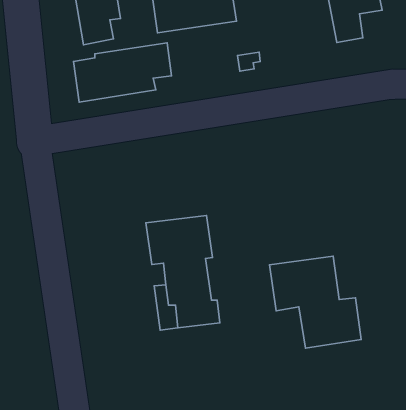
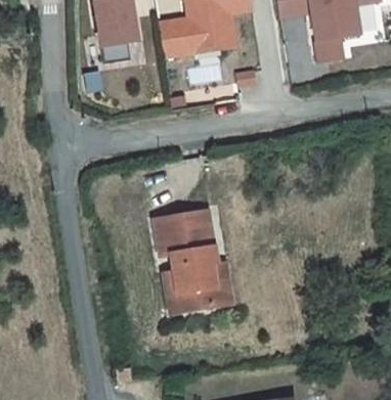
building: [74,43,171,102] -> none
building: [269,256,361,348] -> none

